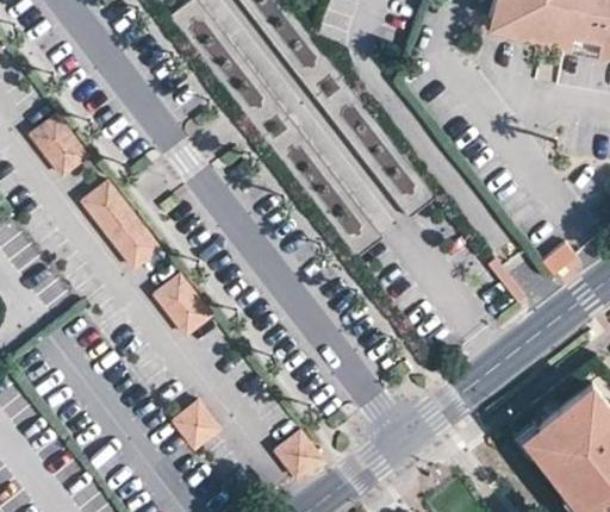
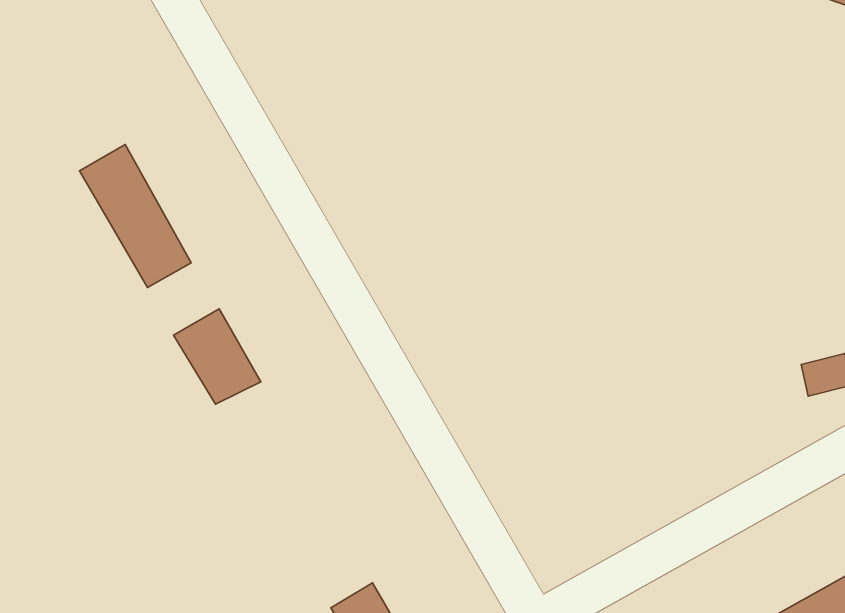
building: [29,113,86,173] -> none
building: [172,400,222,451] -> none

